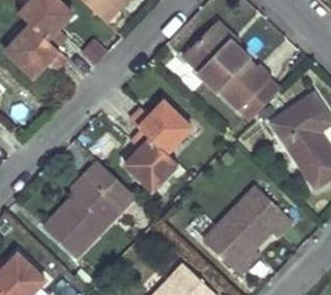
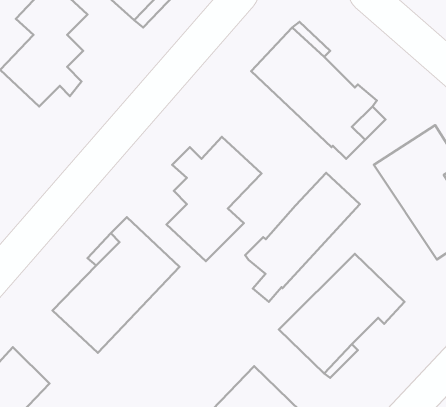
building: none -> [245,173,360,302]

